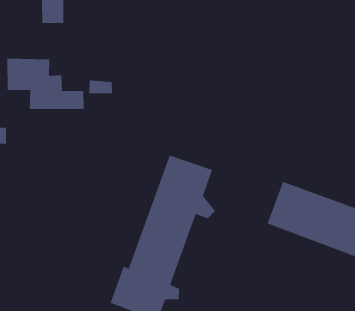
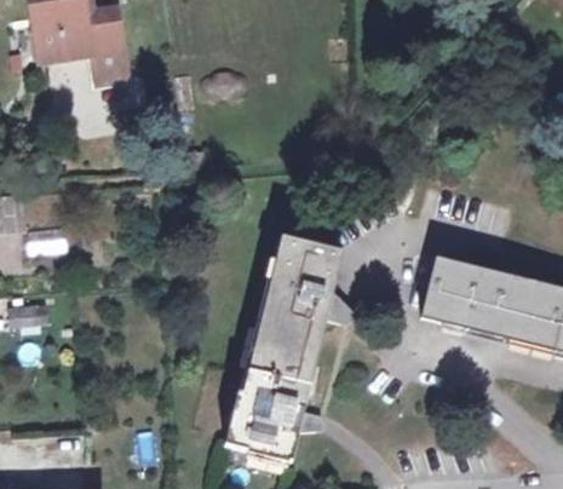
building: [7,58,84,110] -> none

